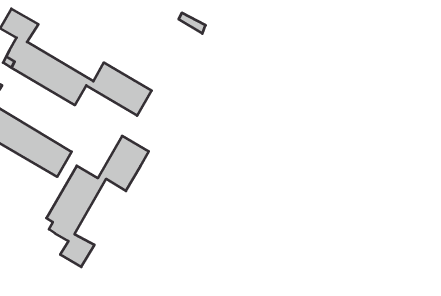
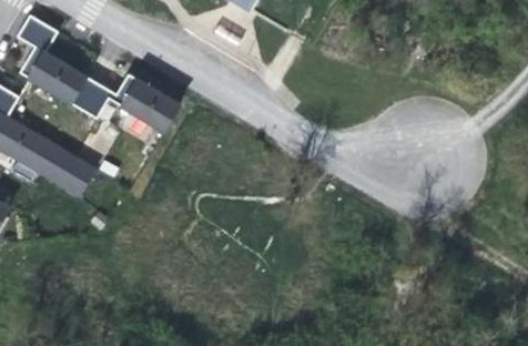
building: [46,136,149,267] -> none

